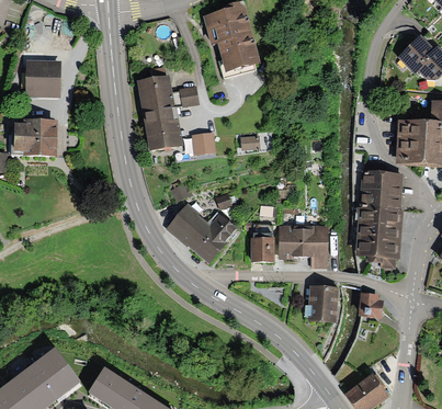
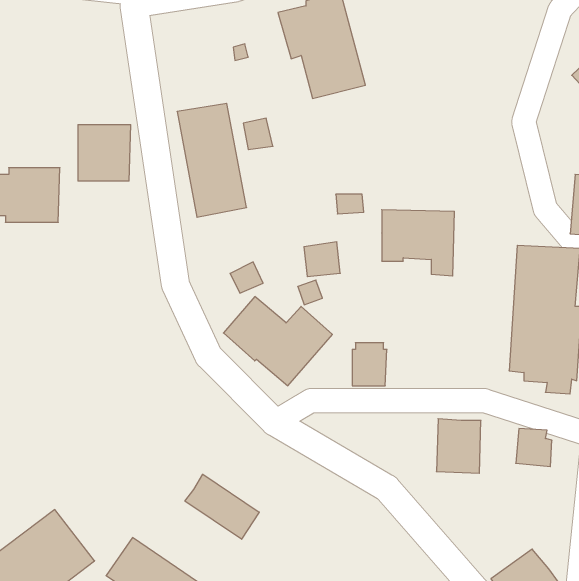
building: [25,59,60,96] -> [78,125,131,181]
building: [191,133,215,156] -> [304,242,340,277]
building: [279,226,327,270] -> [382,210,454,276]
building: none -> [185,474,259,539]

